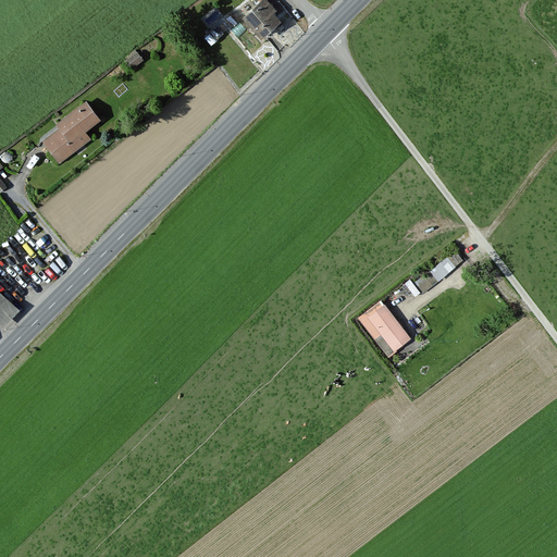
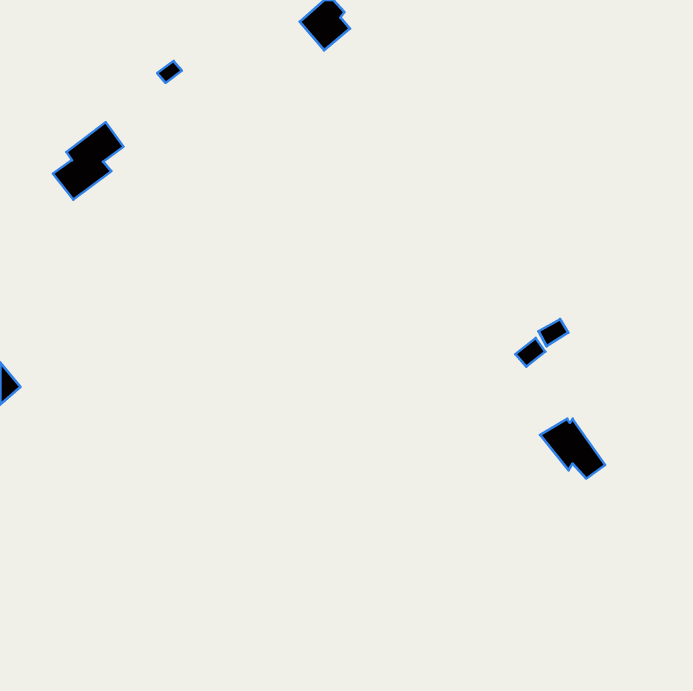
building: [358,304,410,351] -> [540,419,605,478]

